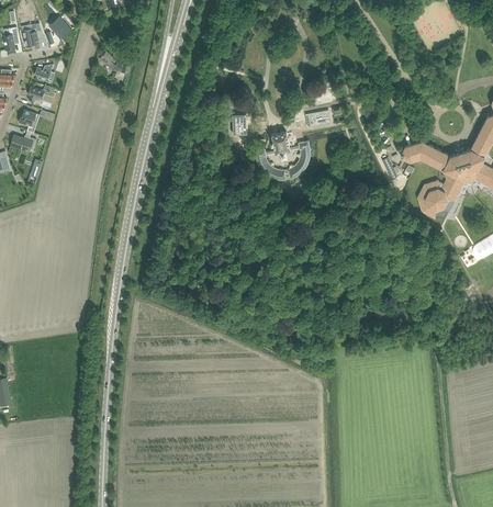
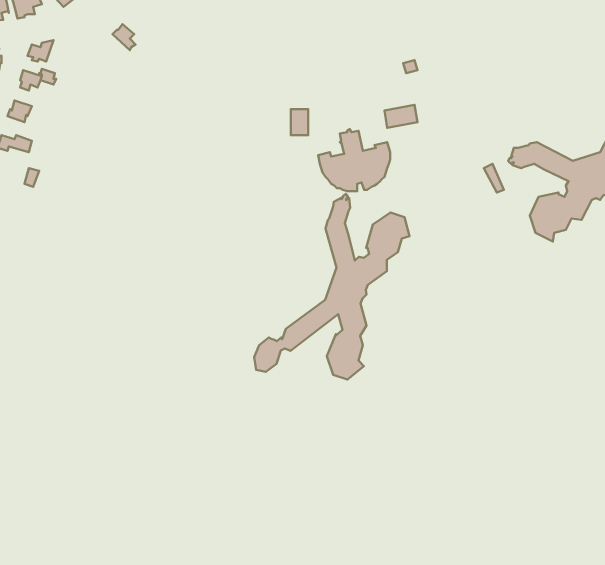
building: none -> [254,194,410,379]

